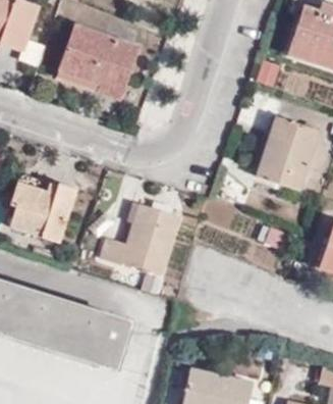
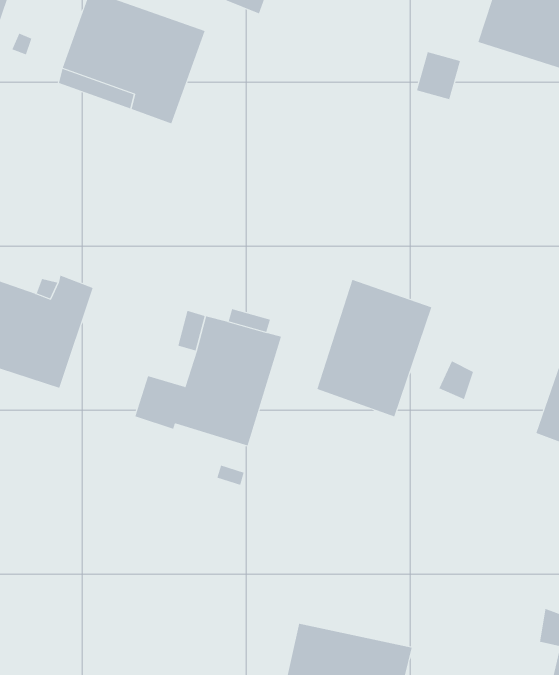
building: [257,115,320,191] -> [316,279,432,417]

